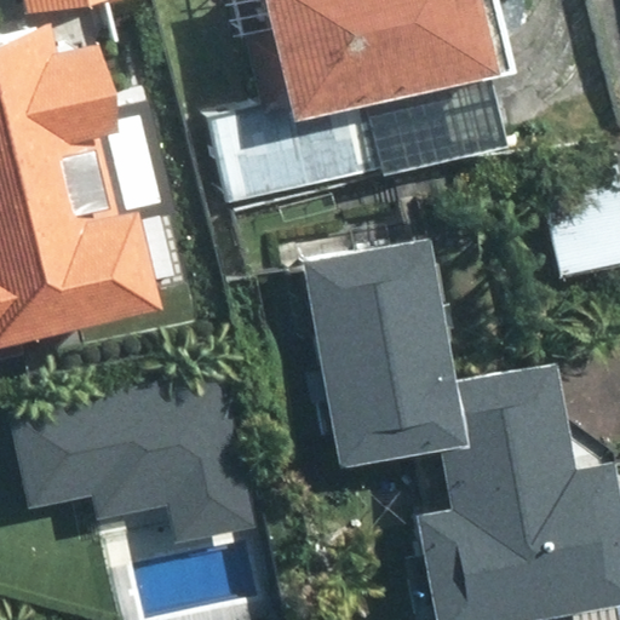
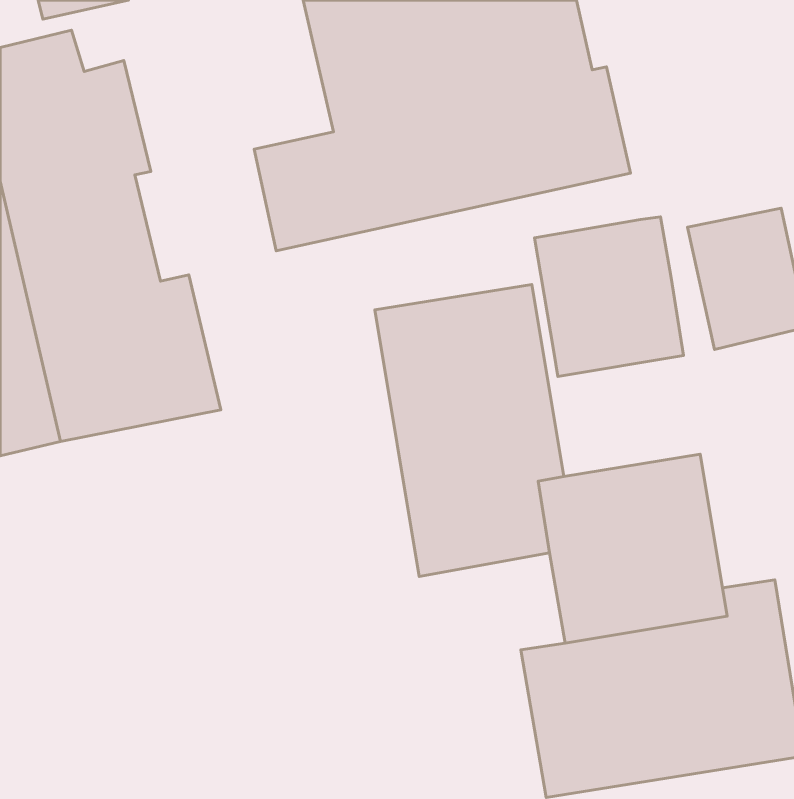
building: none -> [535,217,684,376]
building: [28,380,266,534] -> none

